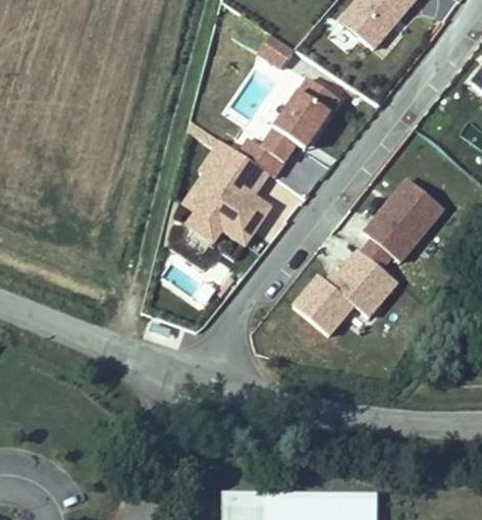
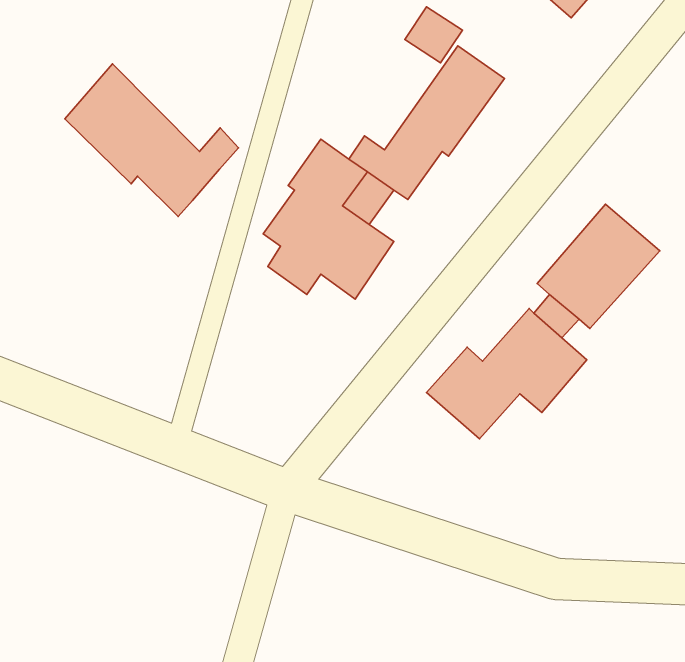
building: none -> [65,64,239,217]

